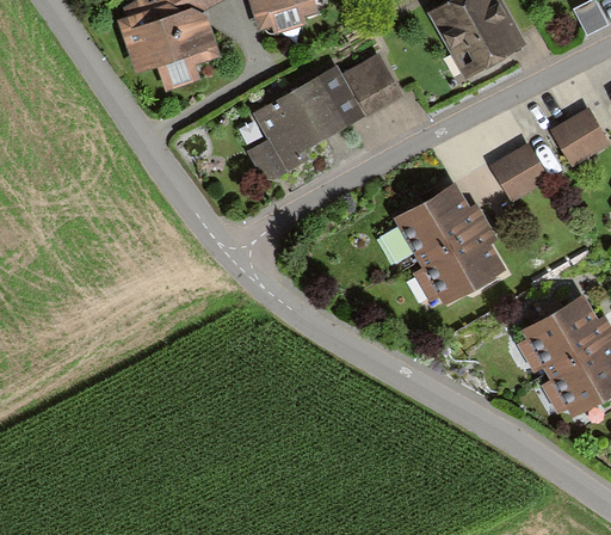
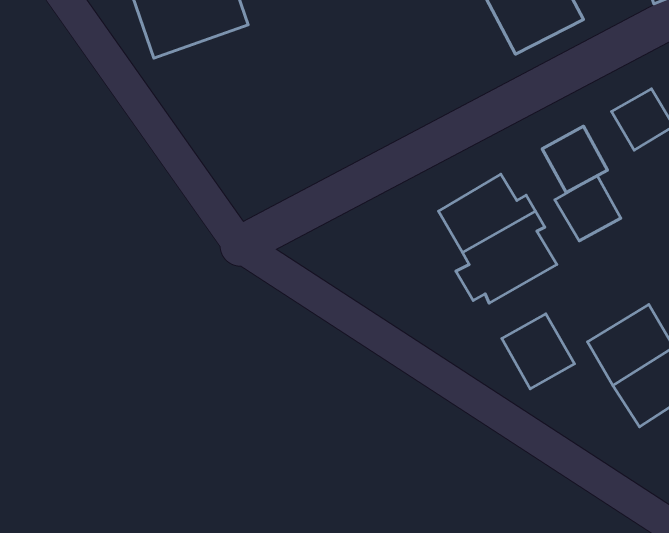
building: [247,54,397,177] -> none
building: none -> [555,176,621,241]
building: none -> [502,314,574,389]

